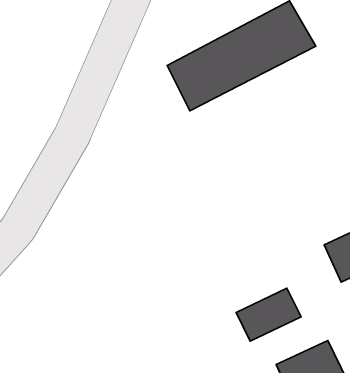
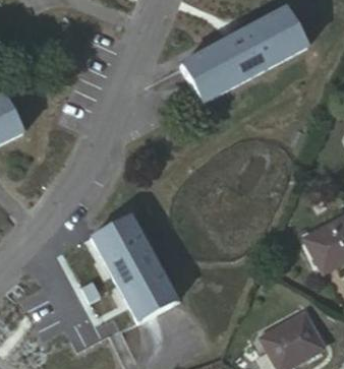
building: none -> [87,224,168,329]
building: [236,288,301,341] -> none

